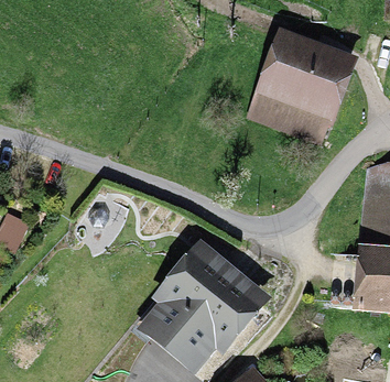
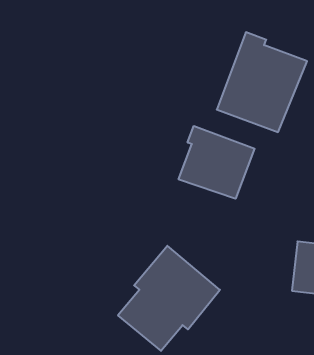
building: none -> [179,126,255,199]

